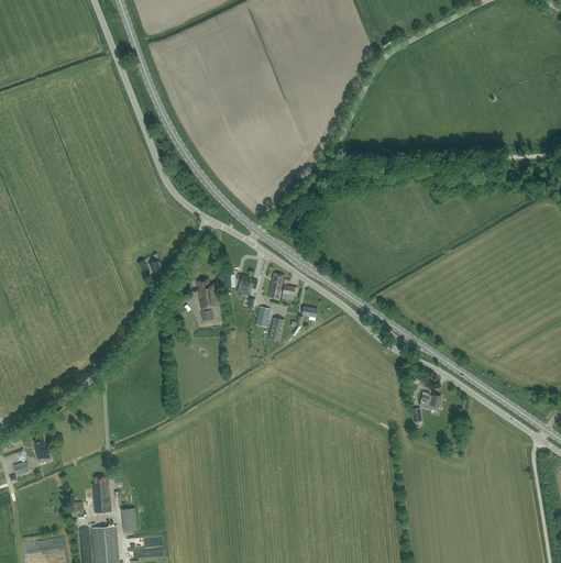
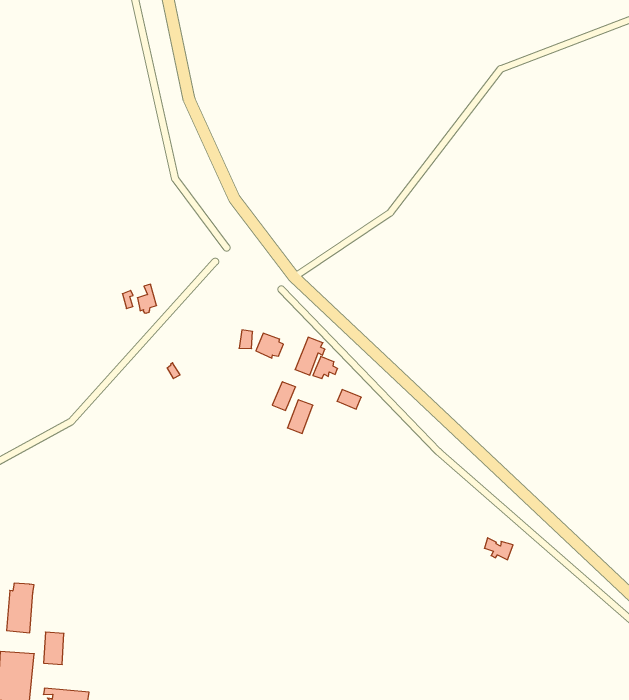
building: [191,279,218,321] -> none

